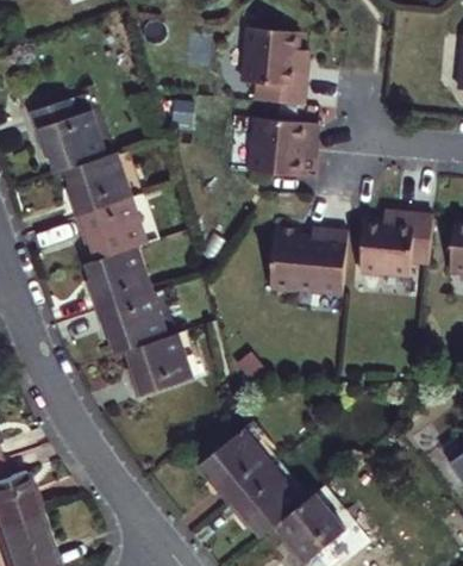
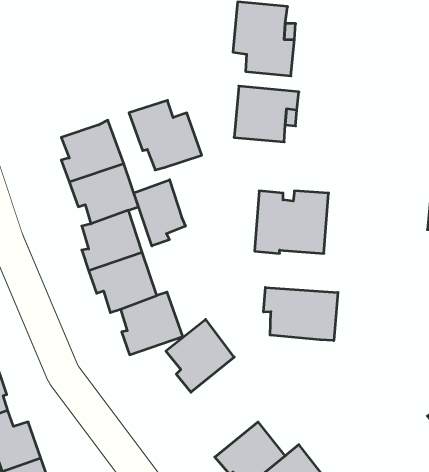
building: [29,101,105,174] -> [129,100,202,170]
building: [359,207,432,272] -> none
building: none -> [134,180,185,246]
building: none -> [264,287,338,341]
building: [200,430,271,506] -> [166,319,234,392]

